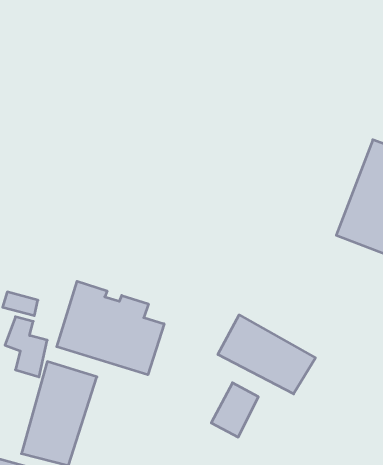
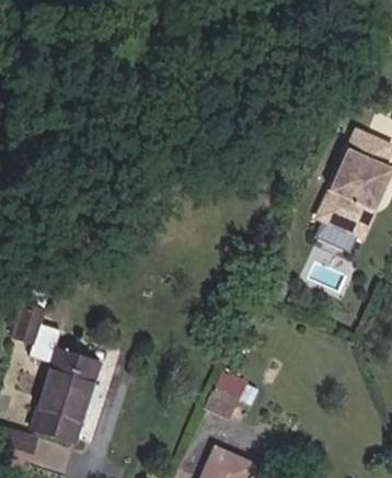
building: [57,281,164,375] -> none
building: [218,315,315,394] -> none

